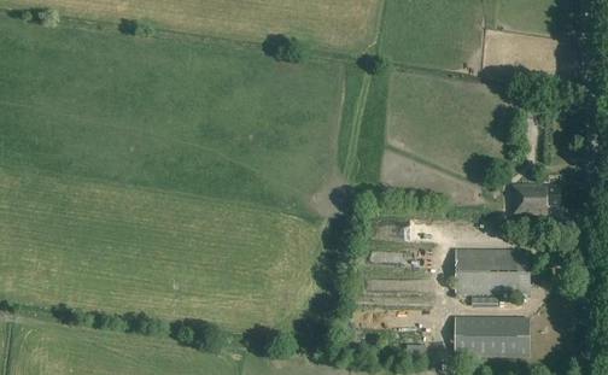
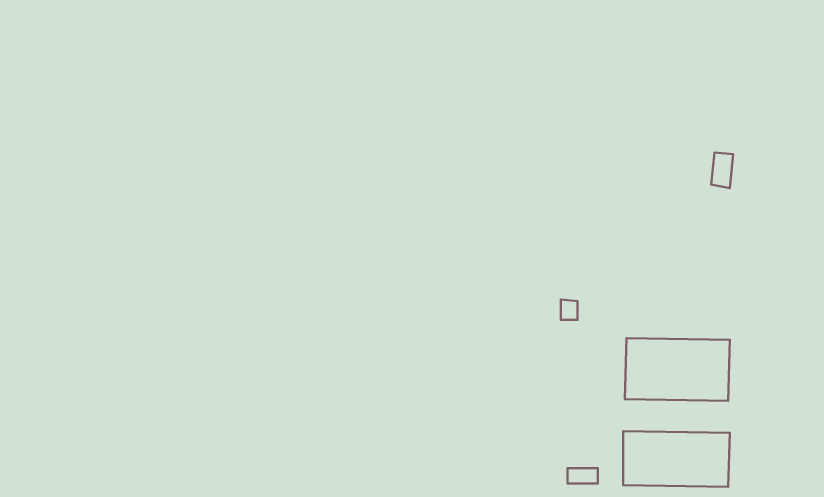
building: [513,183,561,215] -> none

